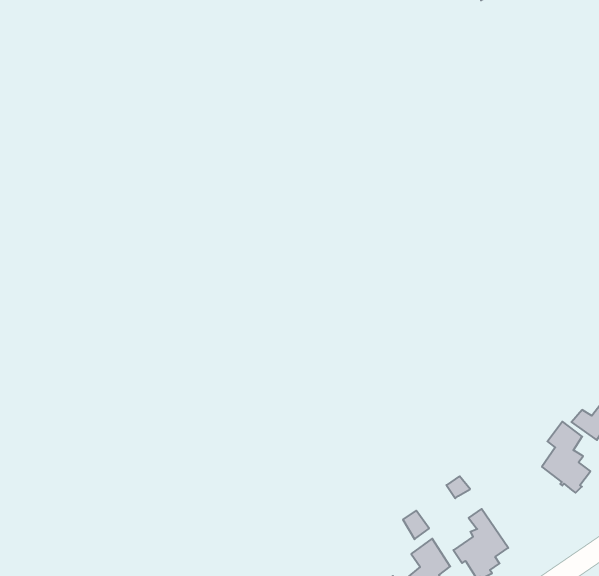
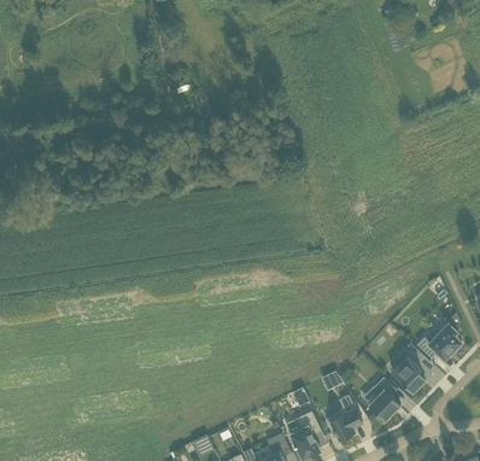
building: none -> [370,379,402,421]

